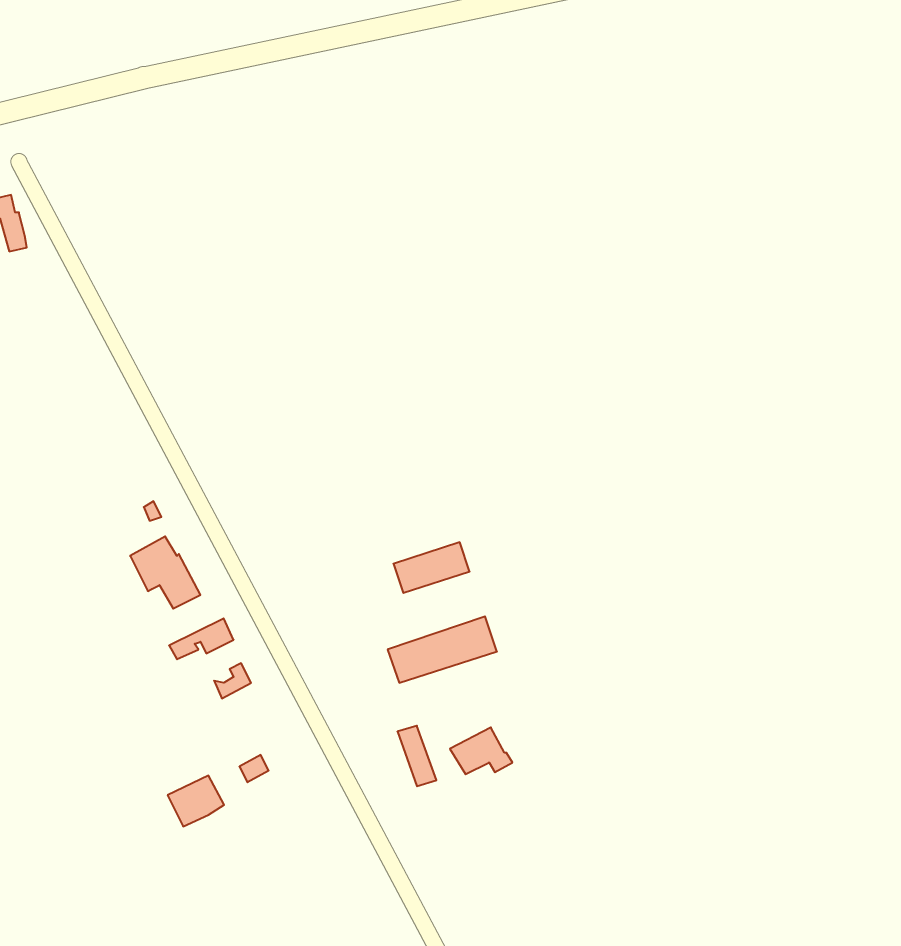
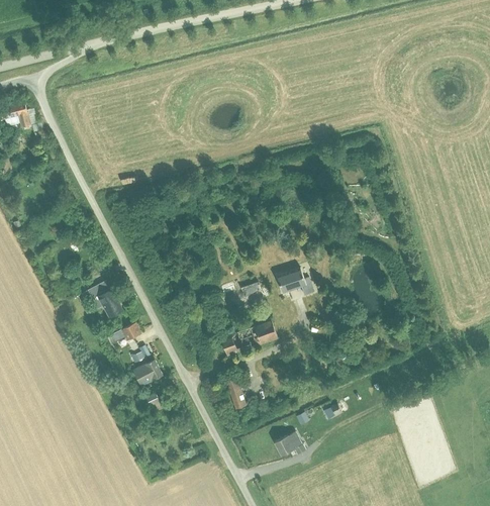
building: none -> [278,269,313,296]
building: [450,727,512,774] -> [274,431,306,456]
building: [168,776,224,826] -> [132,360,162,386]

